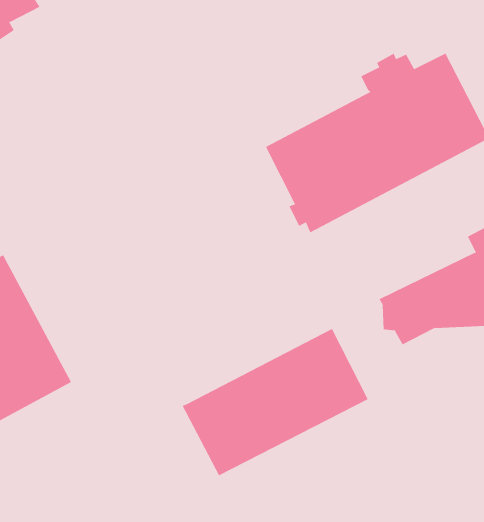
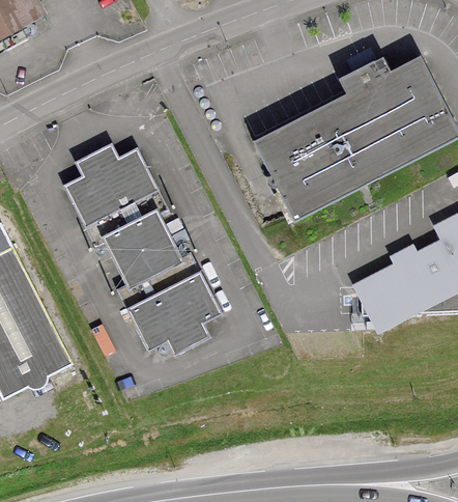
building: none -> [65,142,223,353]
building: [182,328,369,476] -> none

